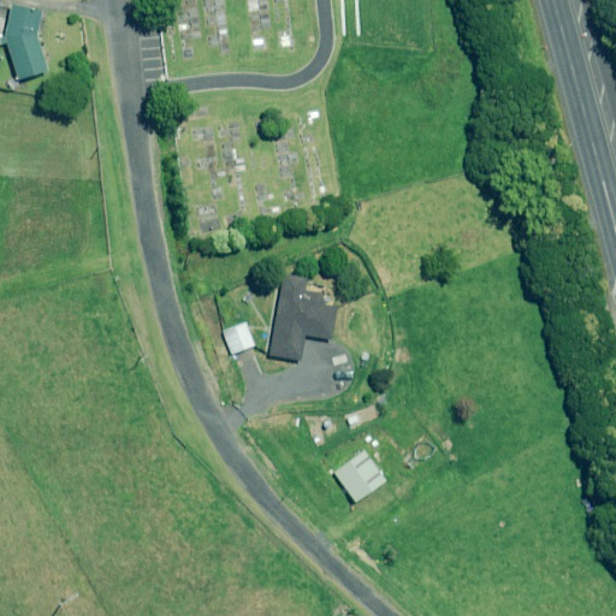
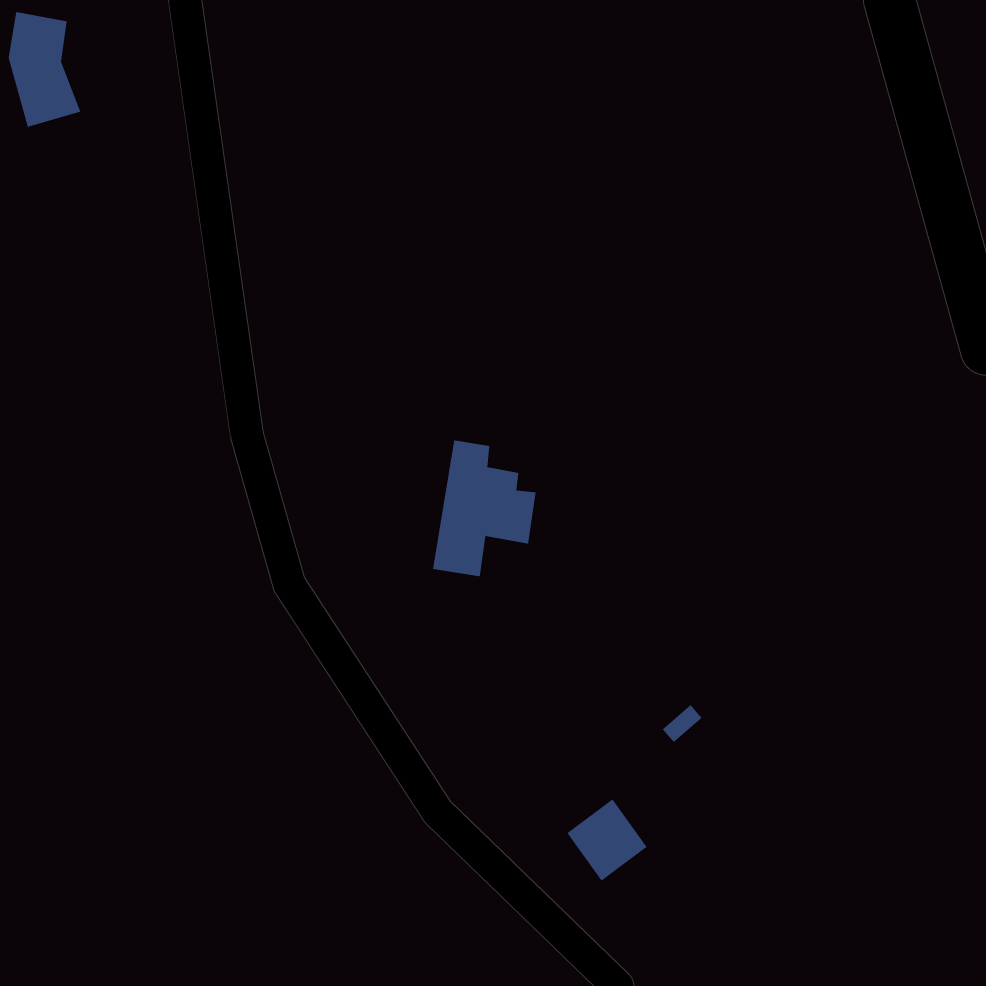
building: [223,322,254,354] -> none
building: [334,451,385,503] -> [566,798,647,881]

